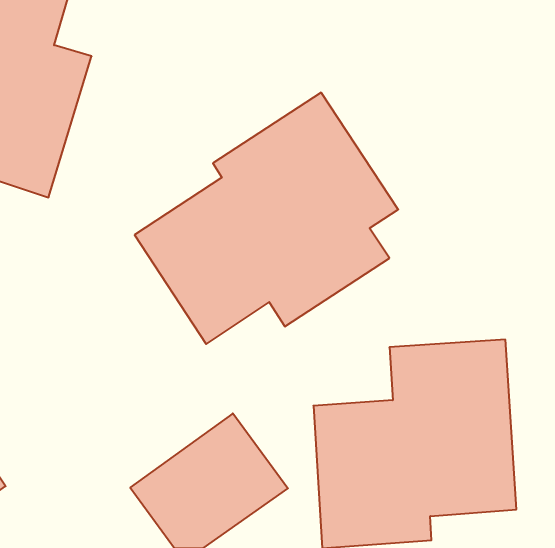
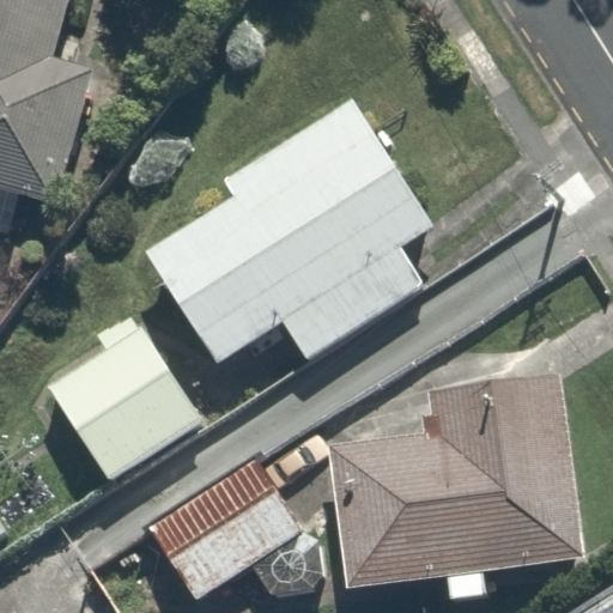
building: none -> [44,308,207,488]

